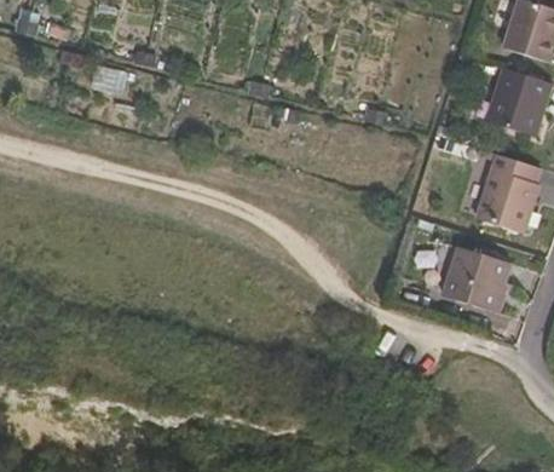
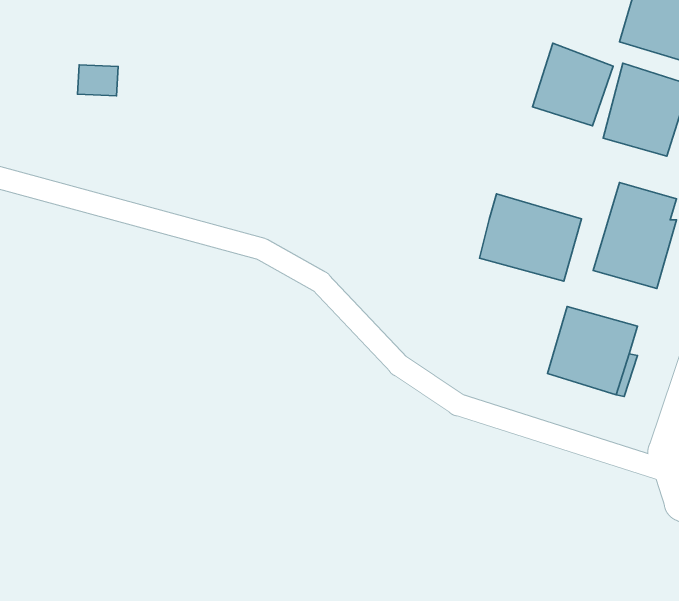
building: none -> [533,43,613,126]
building: none -> [480,194,581,281]

